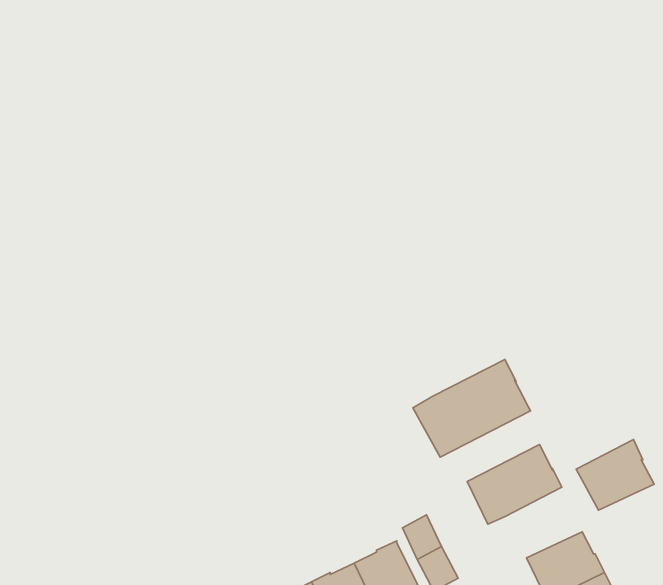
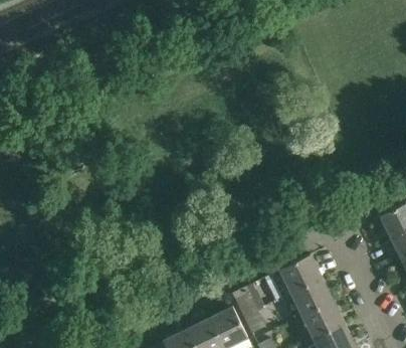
building: [413,360,530,457] -> none
building: [576,440,654,510] -> [291,279,334,317]

